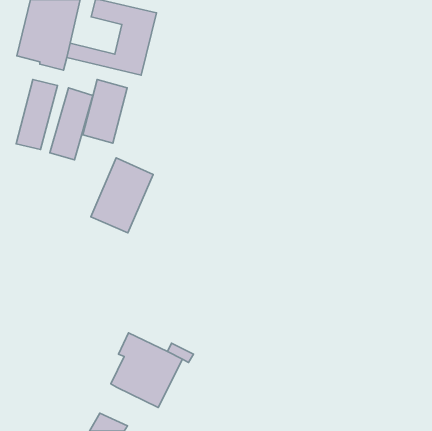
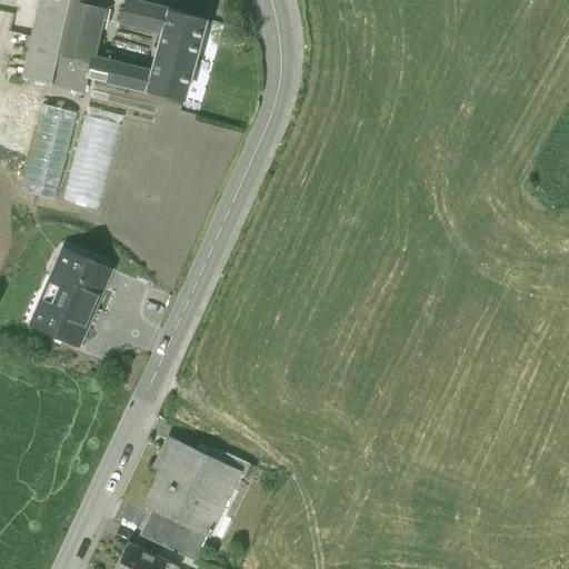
building: [83,79,127,143] -> none
building: [91,158,153,233] -> [30,248,112,347]
building: none -> [141,509,208,561]

